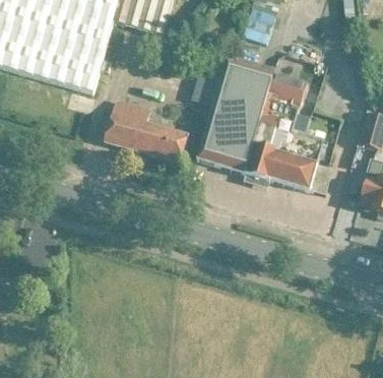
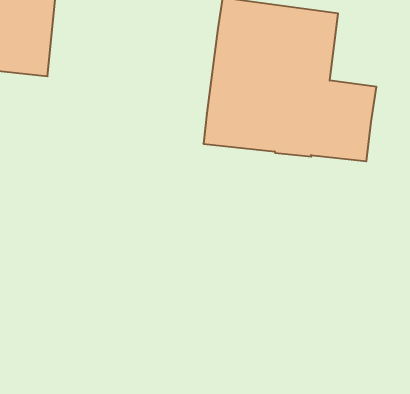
building: [104,100,188,163] -> none

